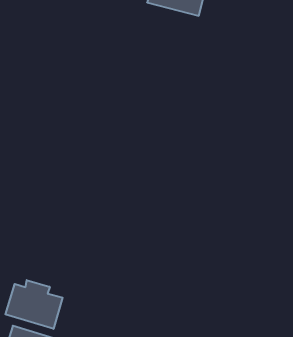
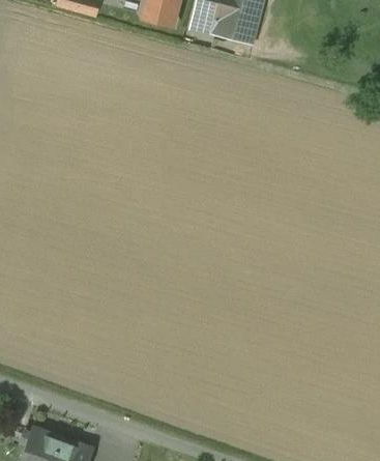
building: [5,280,63,329] -> none

